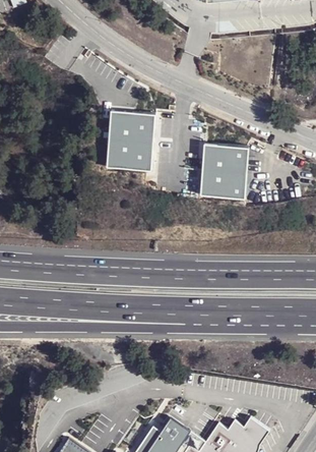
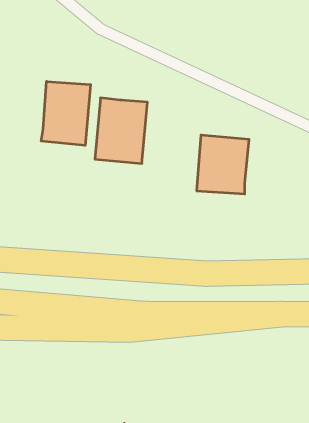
building: none -> [41,81,91,145]

